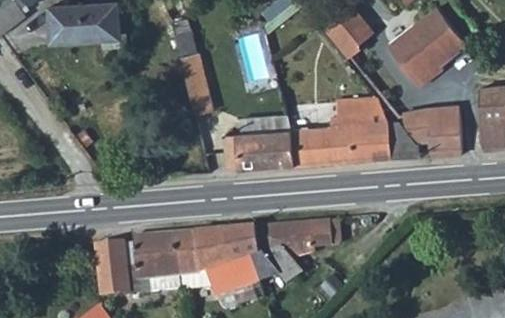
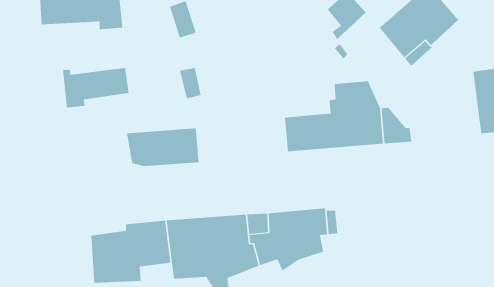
building: none -> [62,67,129,108]
building: [391,103,465,156] -> none
building: [220,132,292,170] -> [126,128,200,167]

